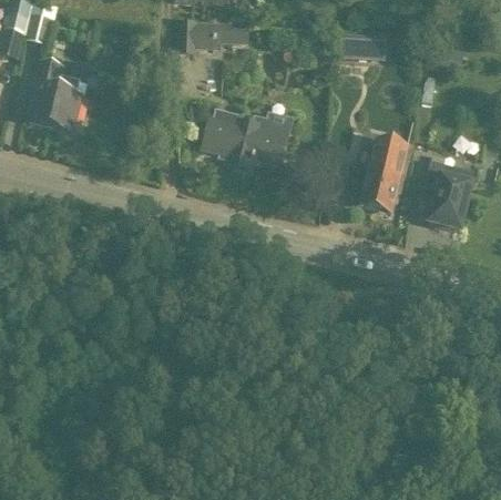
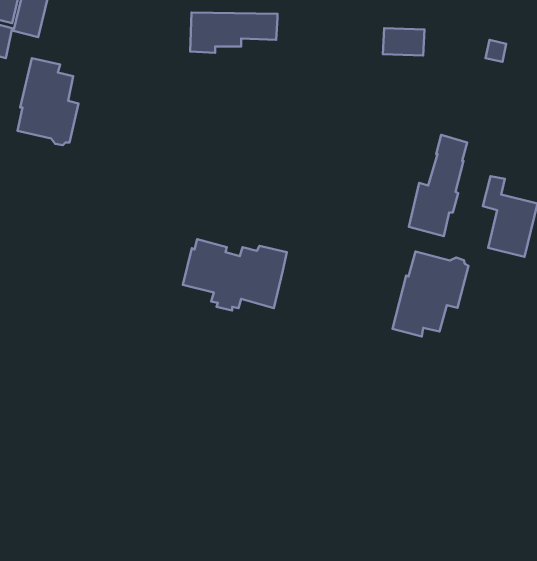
building: [204,108,293,169] -> [183,239,287,311]
building: none -> [393,252,468,337]

